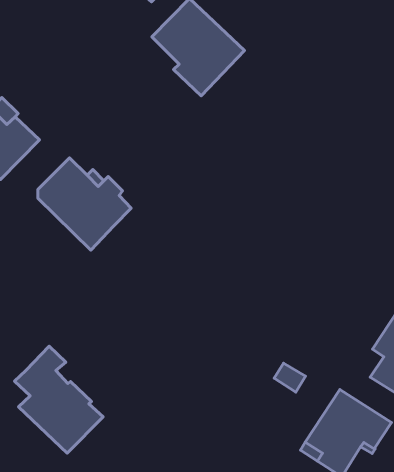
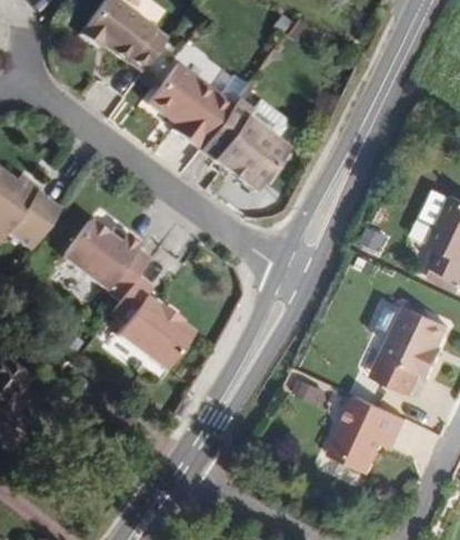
building: none -> [198,97,287,190]
building: [15,346,103,453] -> [109,274,192,368]

